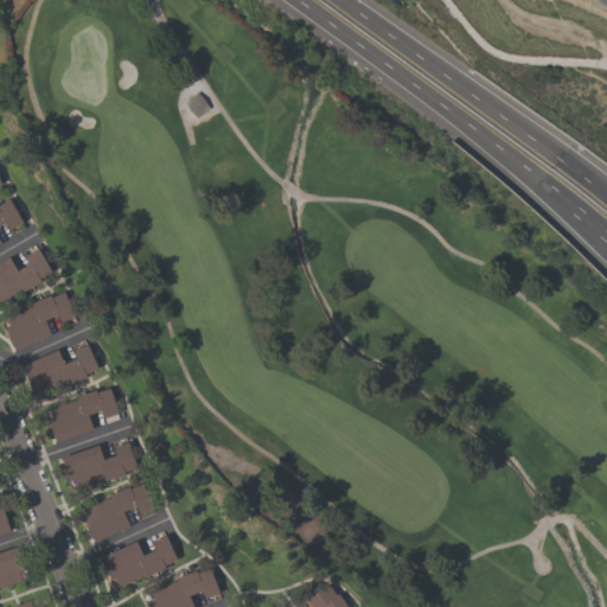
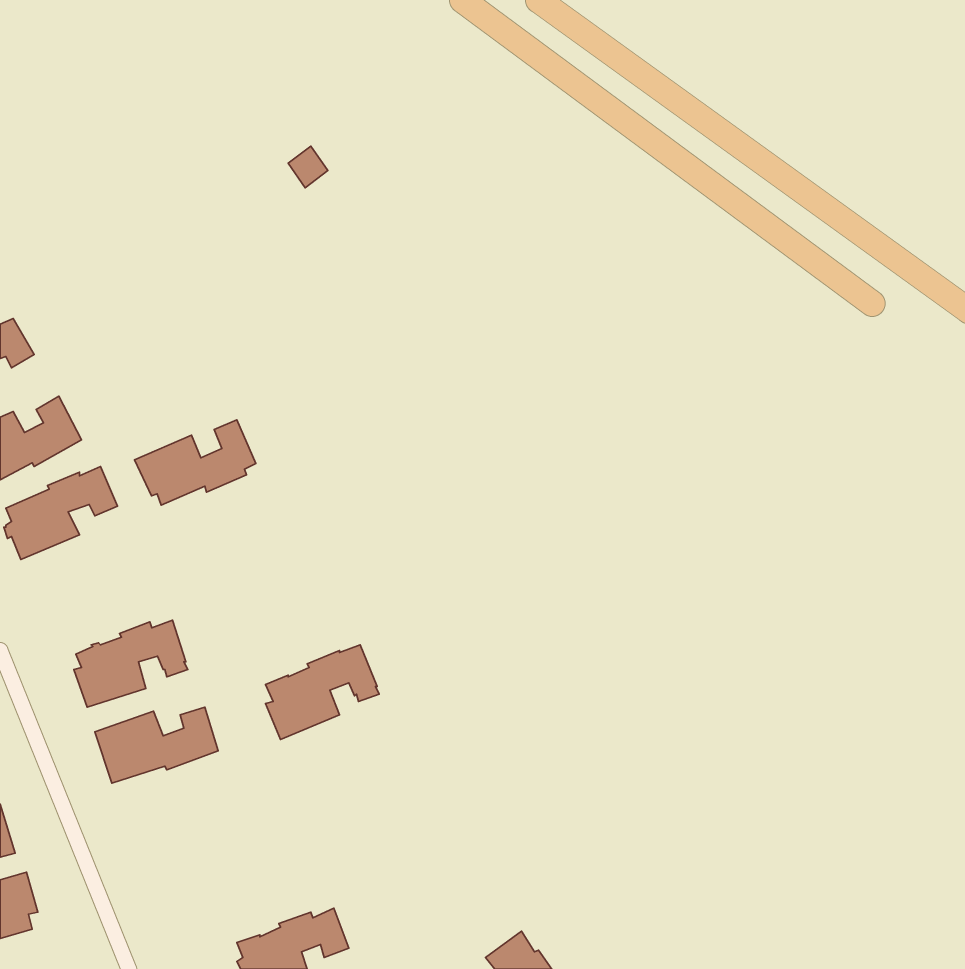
building: [23,340,98,394] -> [135,420,256,505]
building: [84,483,155,542] -> [265,645,379,740]
building: [101,536,177,587] -> none

